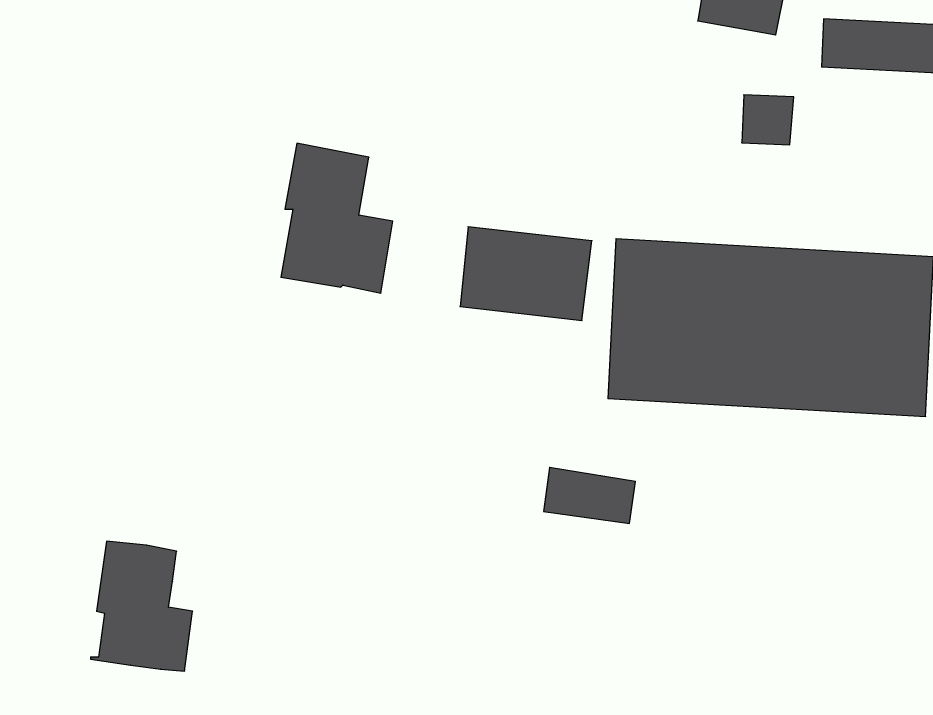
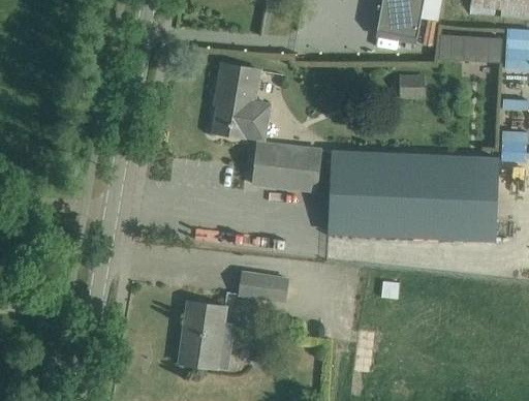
building: [281,143,393,293] -> [213,63,271,141]
building: [544,467,635,523] -> [238,273,285,302]
building: [91,541,193,671] -> [179,302,231,369]

